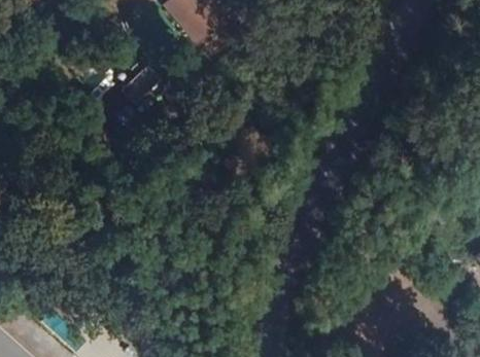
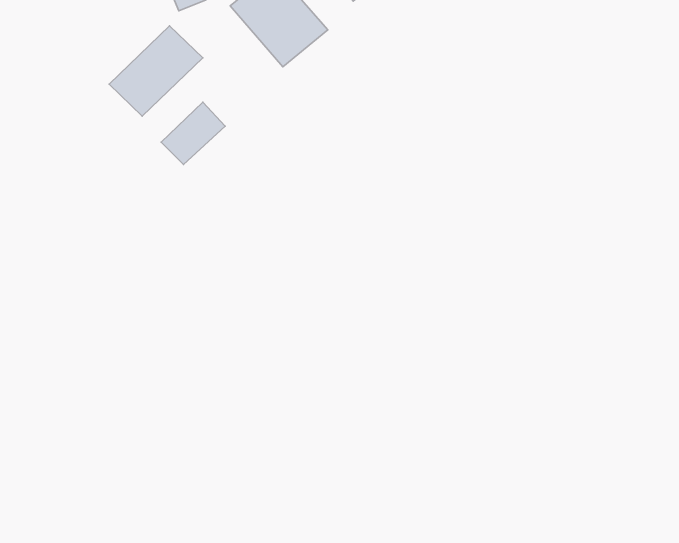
building: none -> [109,26,203,116]

